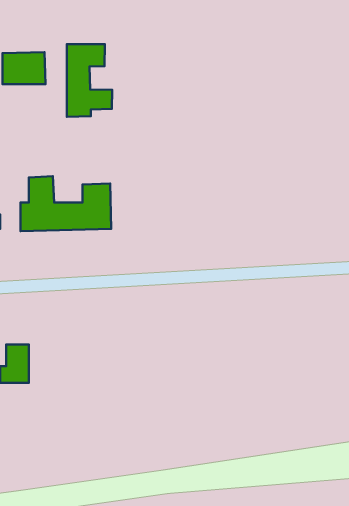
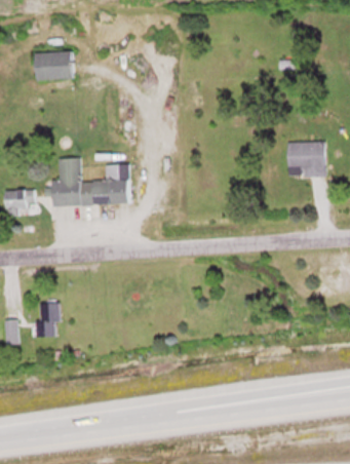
building: [67,44,112,117] -> none
building: none -> [287,143,324,176]

